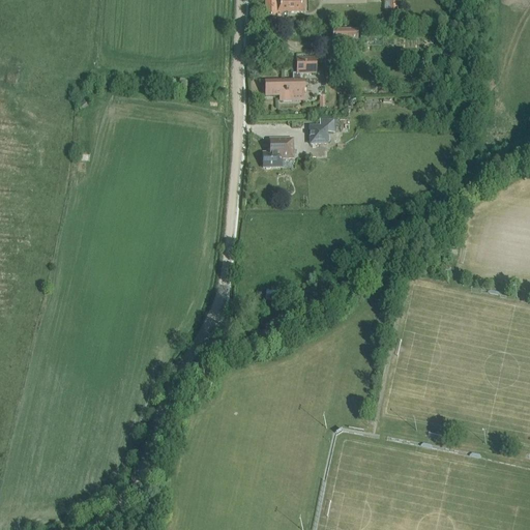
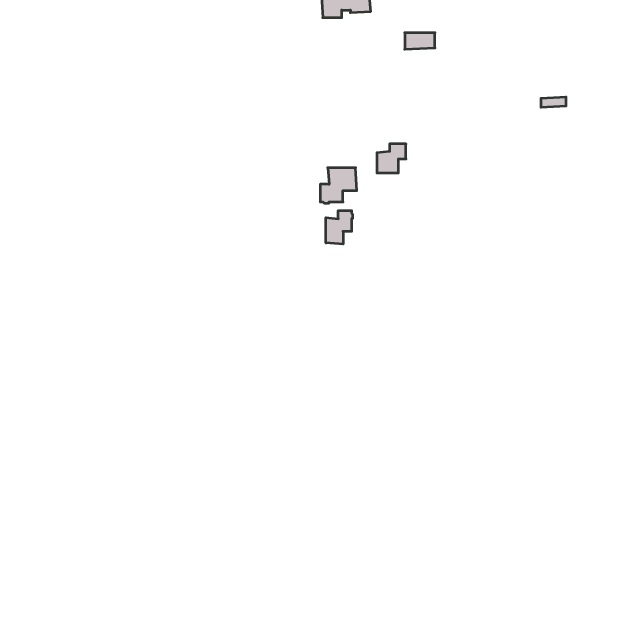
building: [266,57,317,98] -> none
building: none -> [326,211,352,244]

